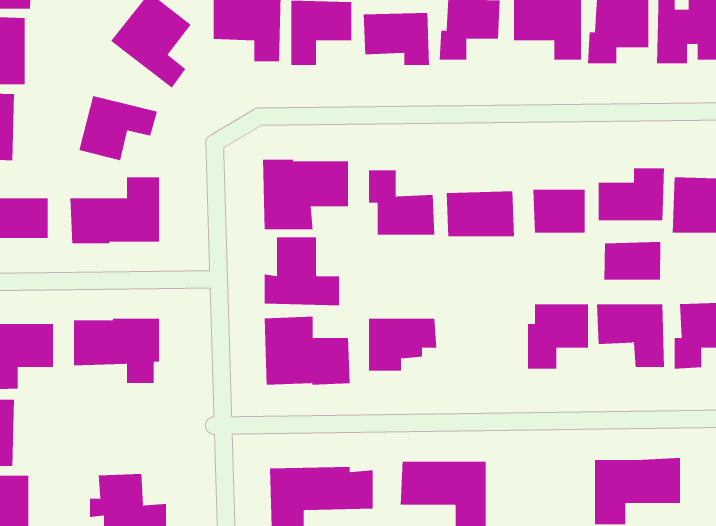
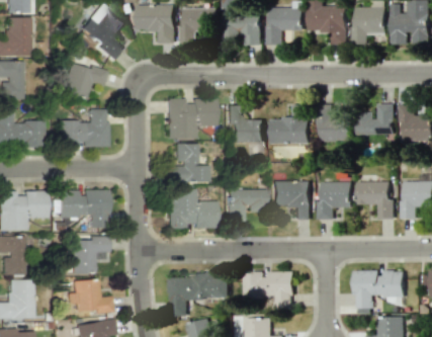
building: [604,241,661,281] -> none
building: none -> [272,181,311,221]
building: none -> [71,236,108,274]

